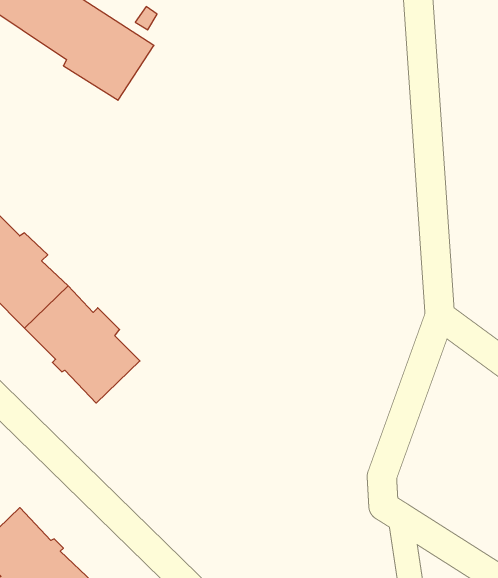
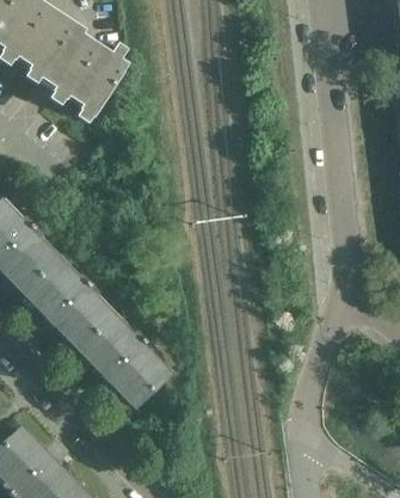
building: none -> [75,314,166,404]

